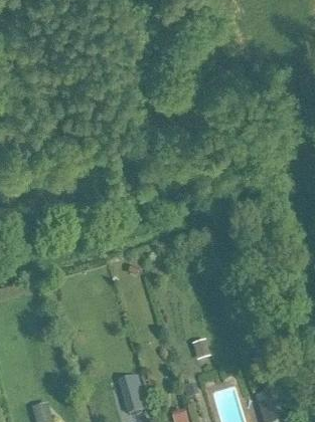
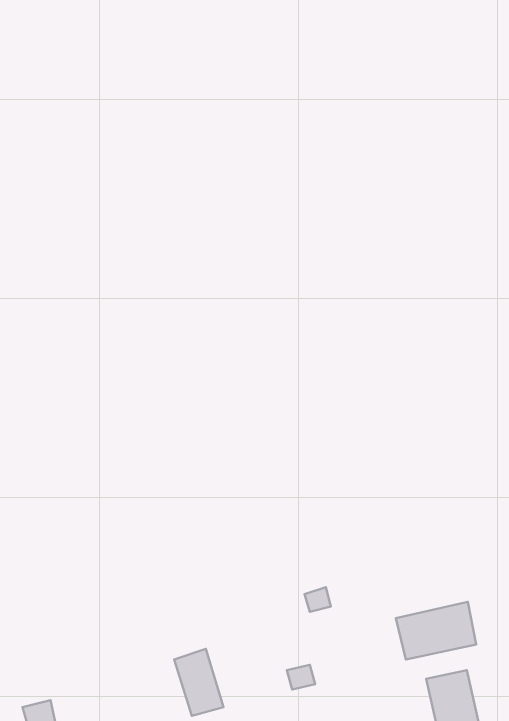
building: none -> [396,602,476,660]

